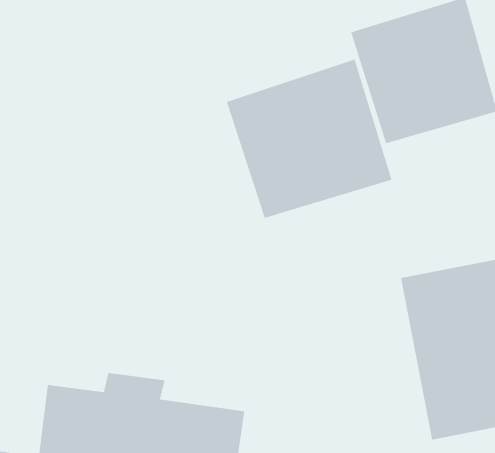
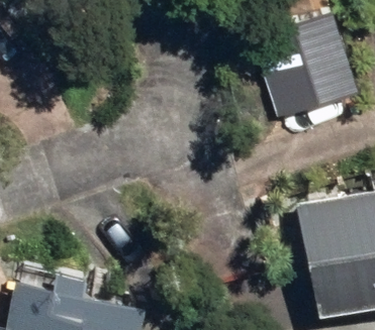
building: [226,59,392,219] -> none

